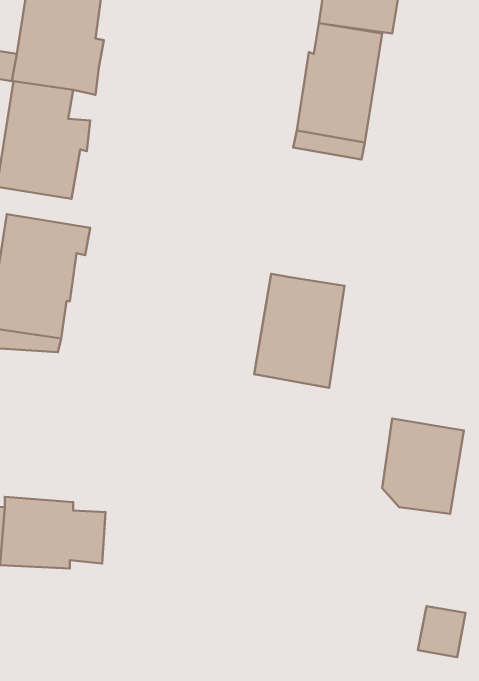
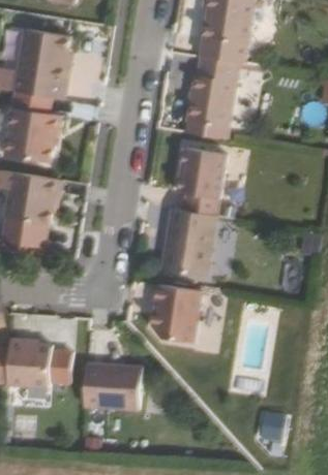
building: none -> [177,147,226,215]
building: [382,418,464,514] -> [151,284,201,342]
building: none -> [83,363,141,409]

